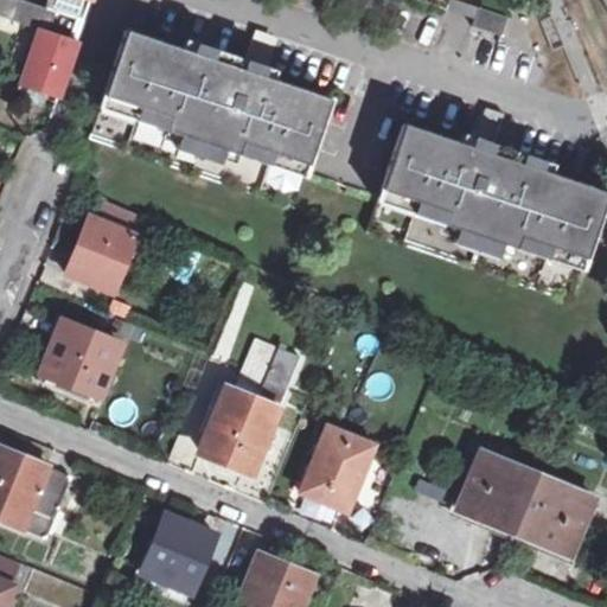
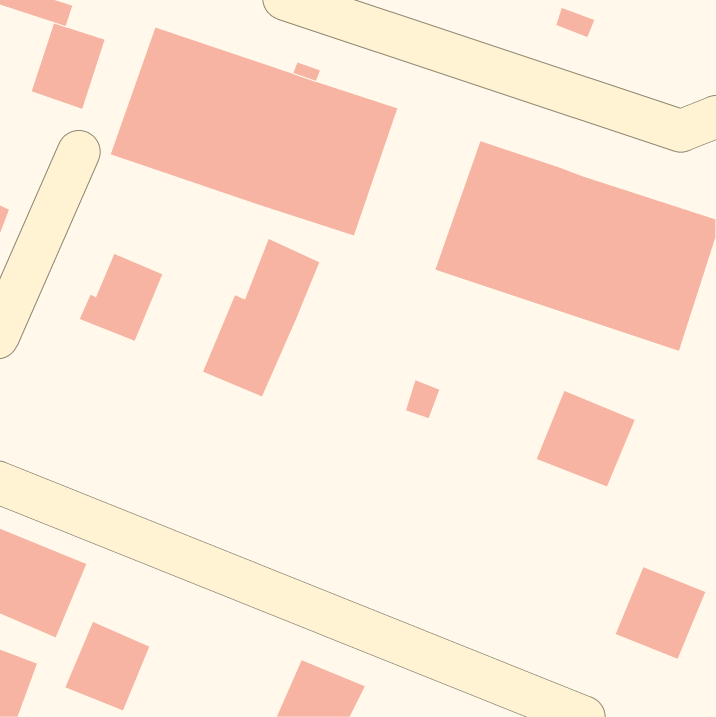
building: [44,318,123,394] -> none
building: [196,340,295,474] -> [202,238,320,397]
building: [304,421,372,503] -> none
building: [458,453,542,535] -> [536,390,636,487]
building: [142,516,215,592] -> [64,621,150,711]

